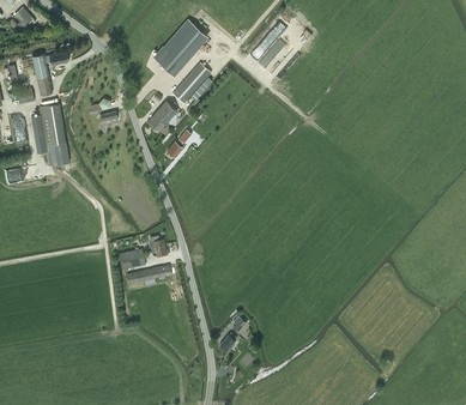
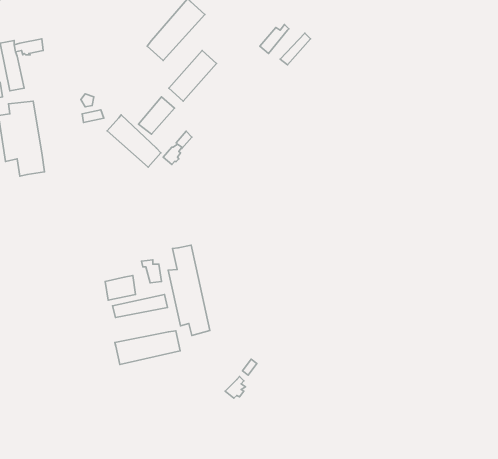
building: none -> [107,115,161,167]
building: none -> [168,245,210,336]
building: none -> [115,331,180,364]

